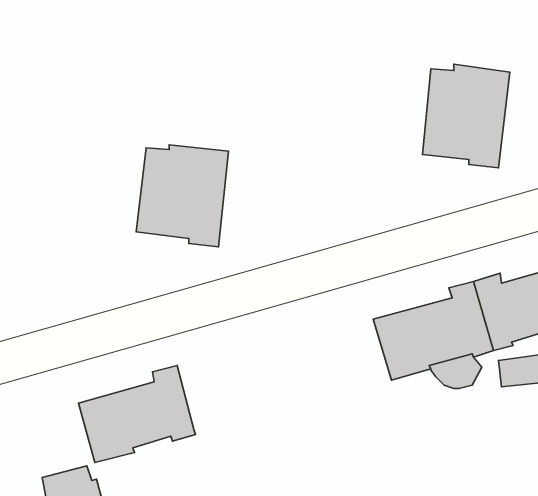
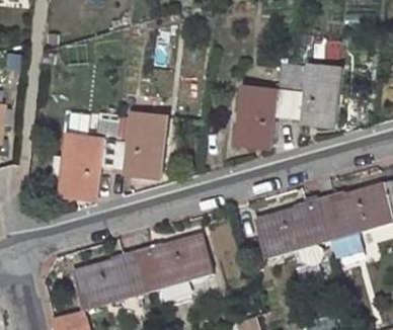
building: none -> [237,64,292,145]
building: none -> [62,112,116,195]
building: none -> [136,235,214,290]

